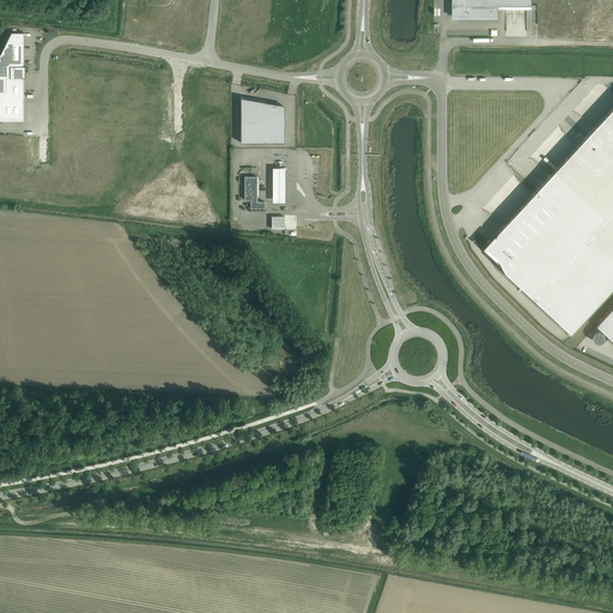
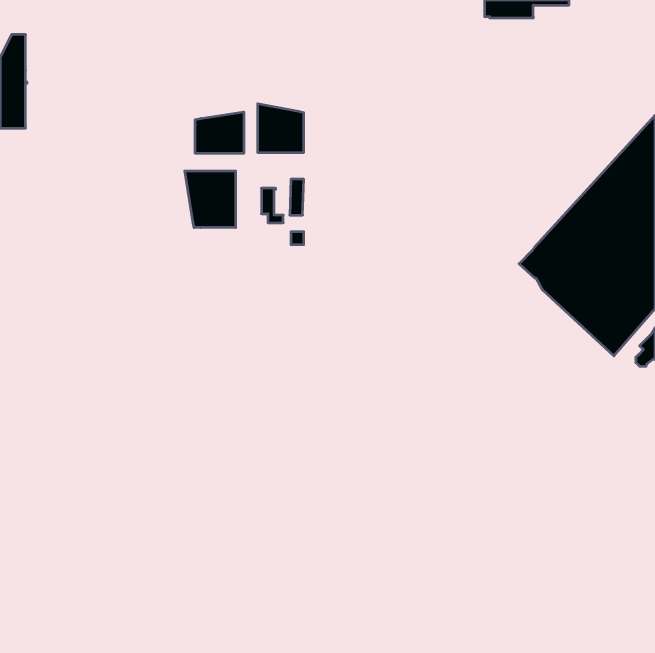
building: none -> [195,112,244,153]
building: none -> [185,171,236,228]

